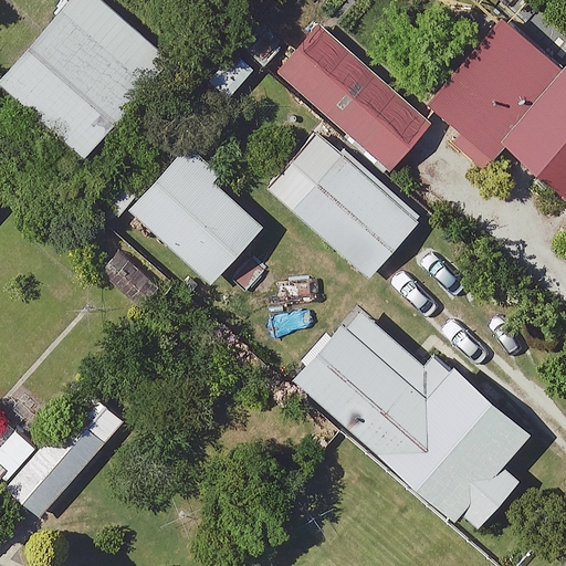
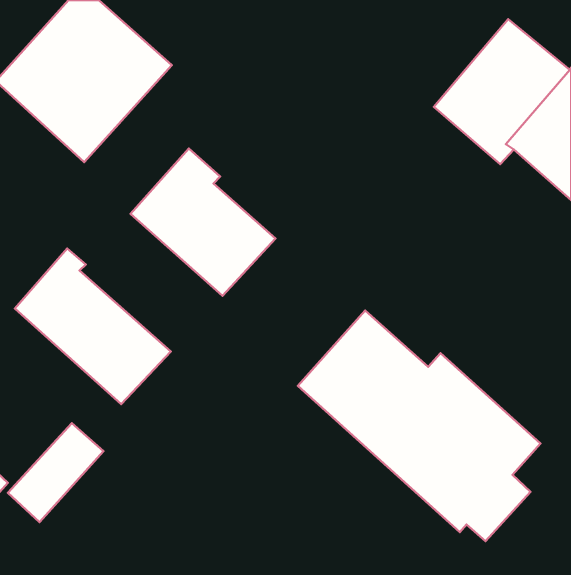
building: [277,27,429,169] -> none
building: [291,156,417,279] -> none
building: none -> [15,249,171,404]

